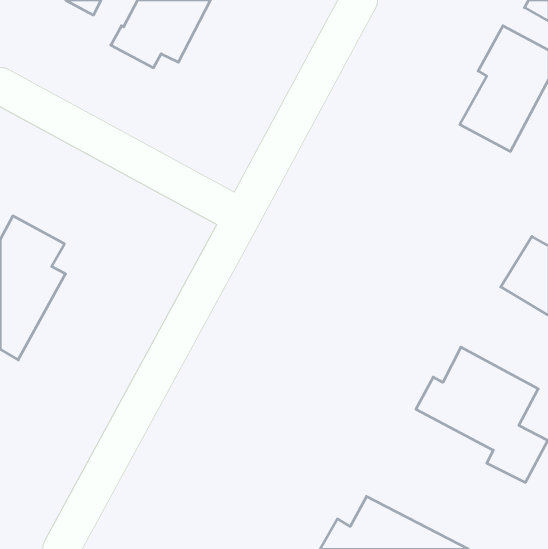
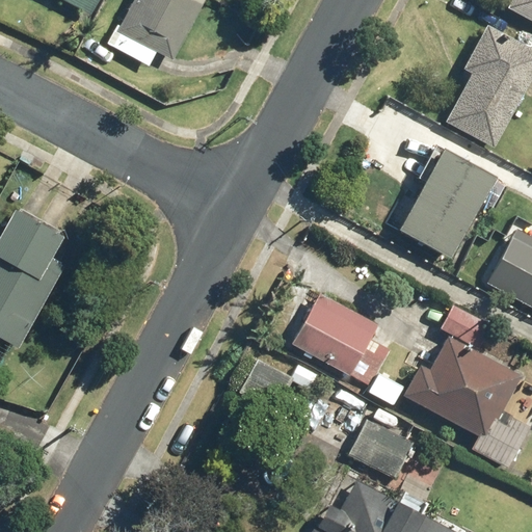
building: none -> [398,148,505,258]
building: none -> [293,294,390,385]
building: none -> [349,419,414,479]

